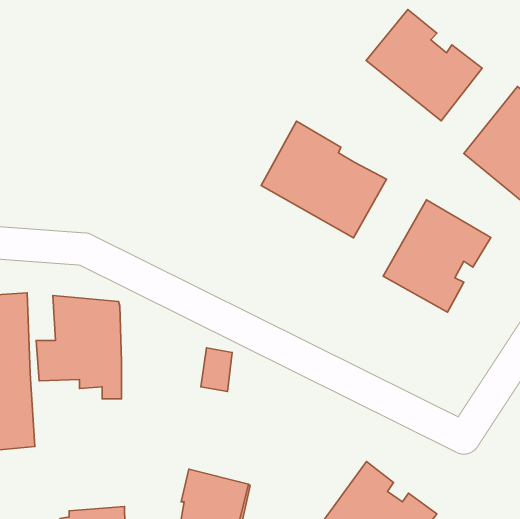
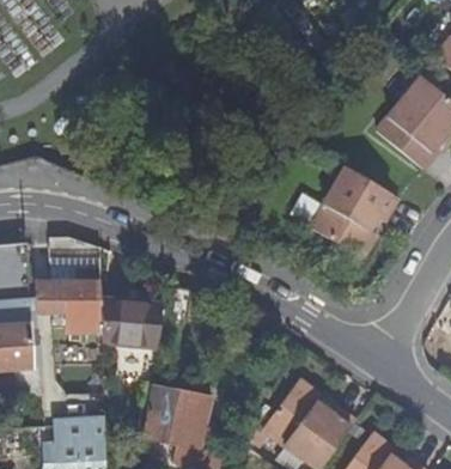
building: [366,9,482,121] -> none
building: [261,121,387,238] -> none
building: none -> [102,298,163,346]

